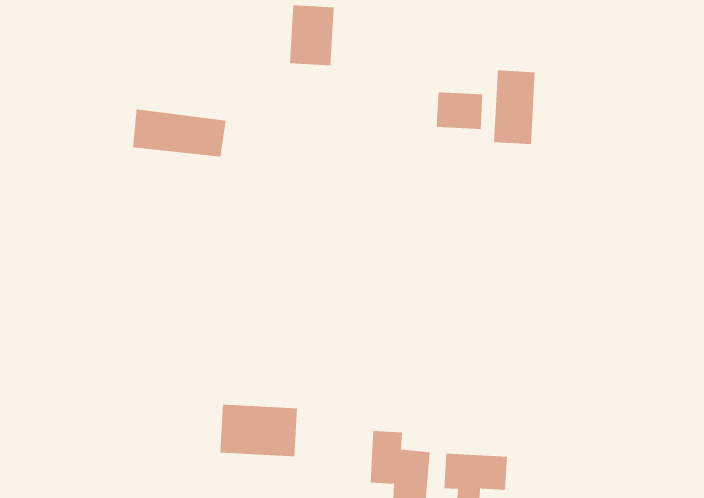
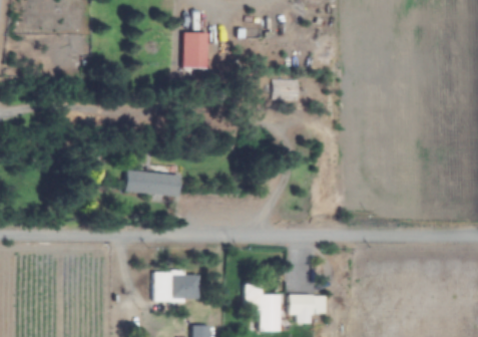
building: [494,70,535,145] -> none
building: [132,109,226,157] -> [126,170,181,196]

